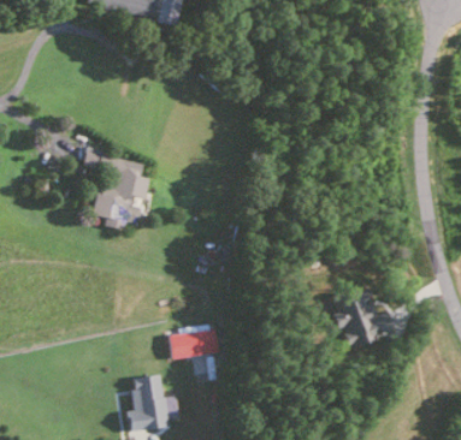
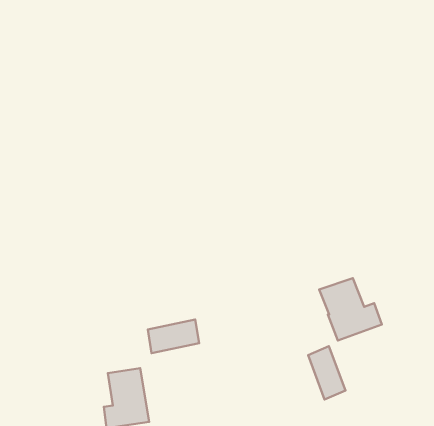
building: [83,149,150,230] -> none
building: none -> [308,346,345,400]

